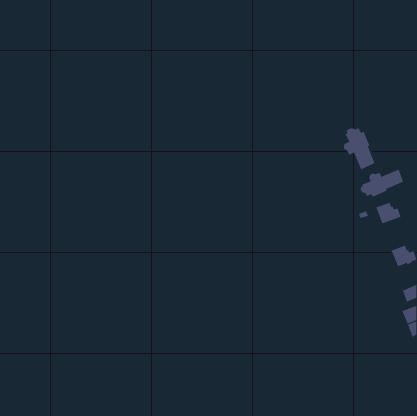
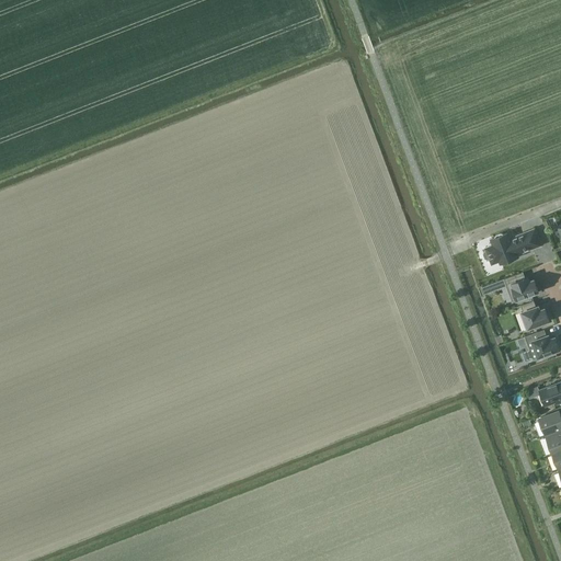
building: [343,127,375,170] -> none
building: none -> [522,301,550,330]

